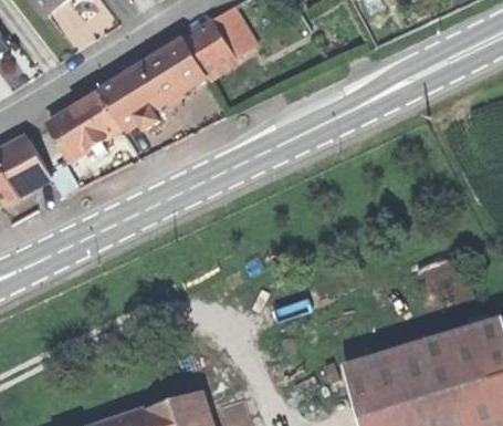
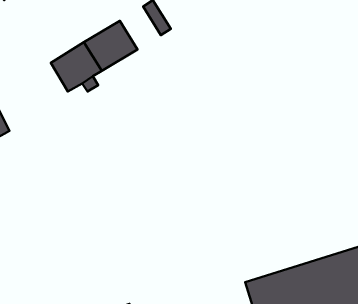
building: [186,23,237,76] -> none
building: [50,93,122,159] -> none

